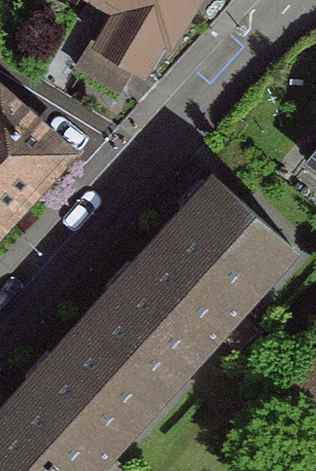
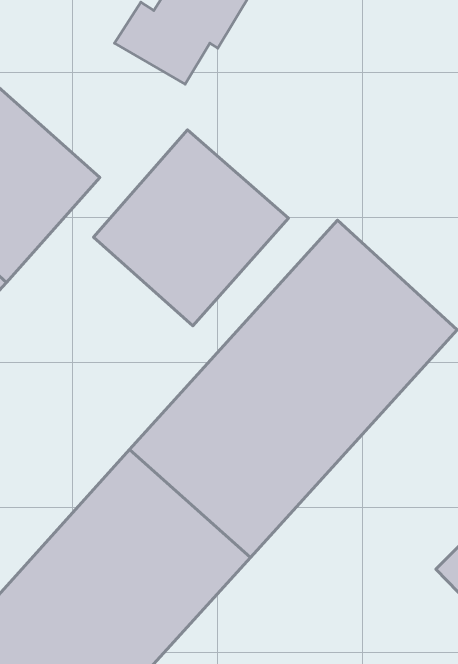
building: none -> [93,130,289,326]

